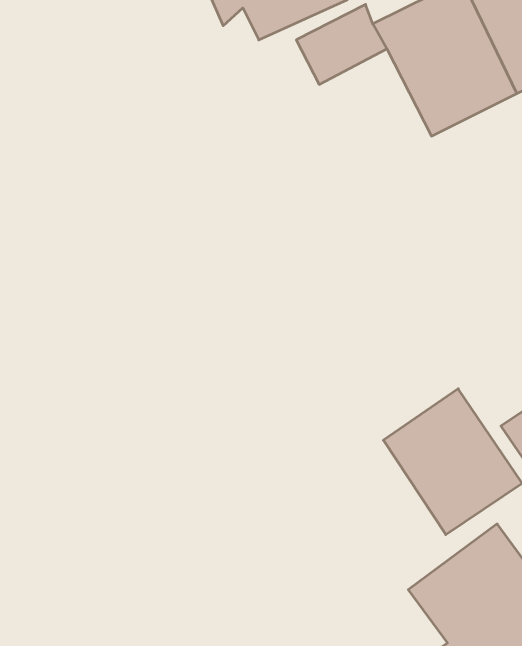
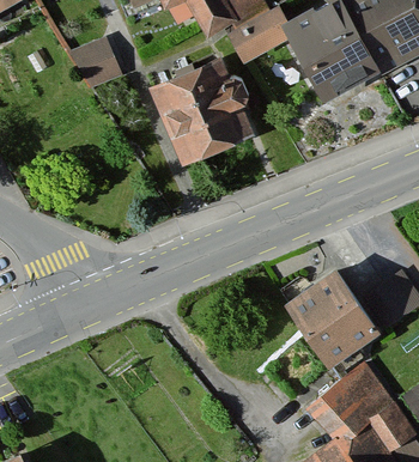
building: none -> [77,41,120,87]
building: none -> [152,55,257,164]

